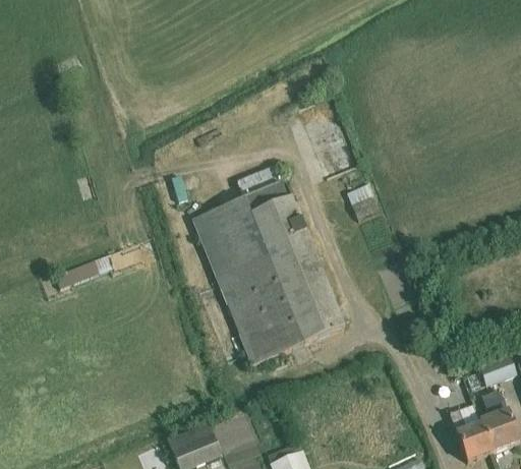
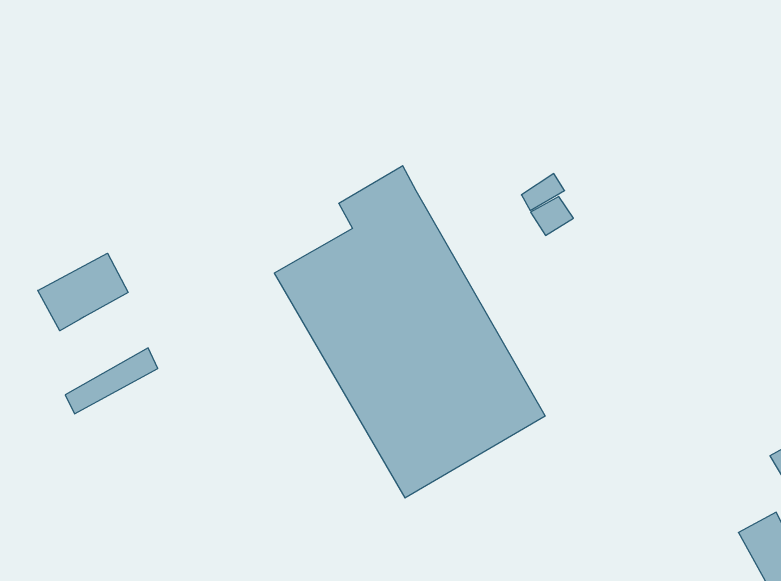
building: none -> [38,253,128,331]

